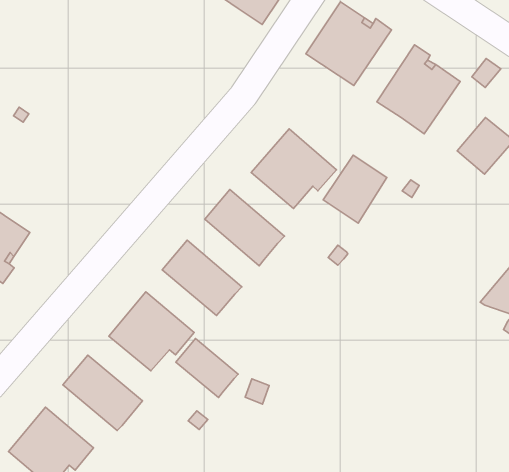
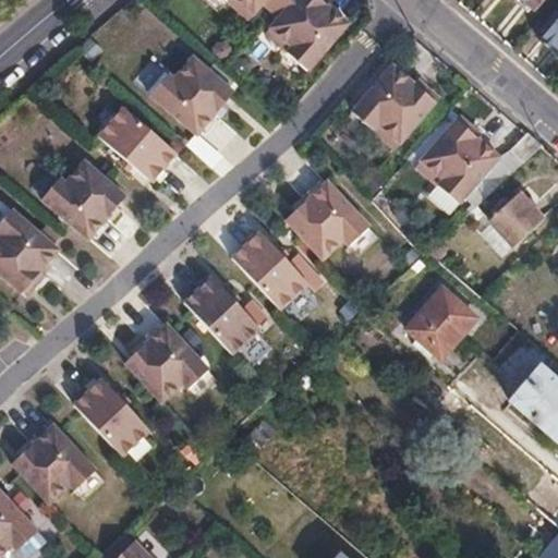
building: none -> [150,57,234,135]
building: none -> [98,108,177,183]
building: none -> [41,160,125,239]
building: [323,155,387,223] -> [408,290,473,357]
building: [176,339,238,398] -> none

